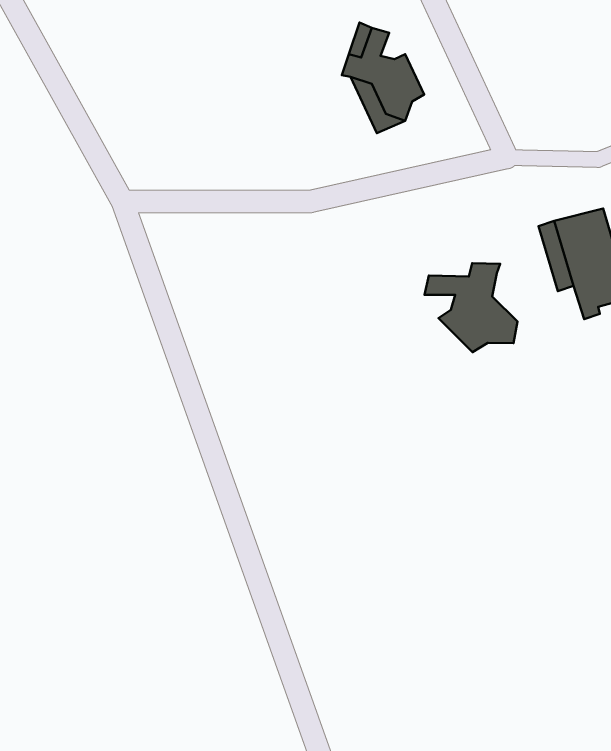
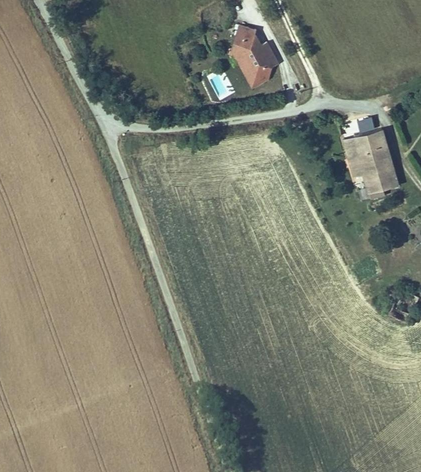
building: [424,263,517,352] -> none

